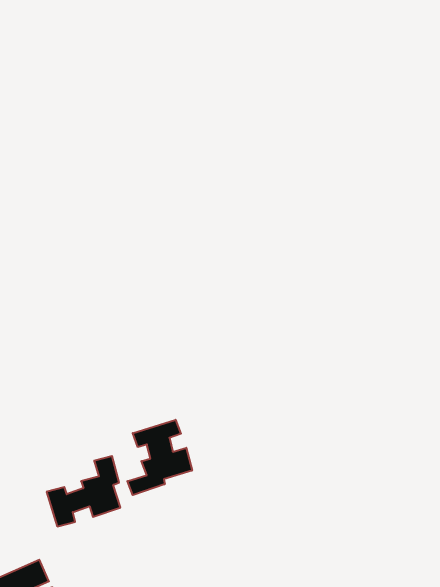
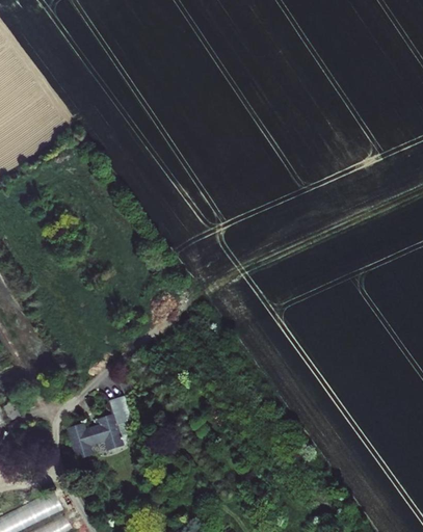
building: [127,420,192,495] -> none

